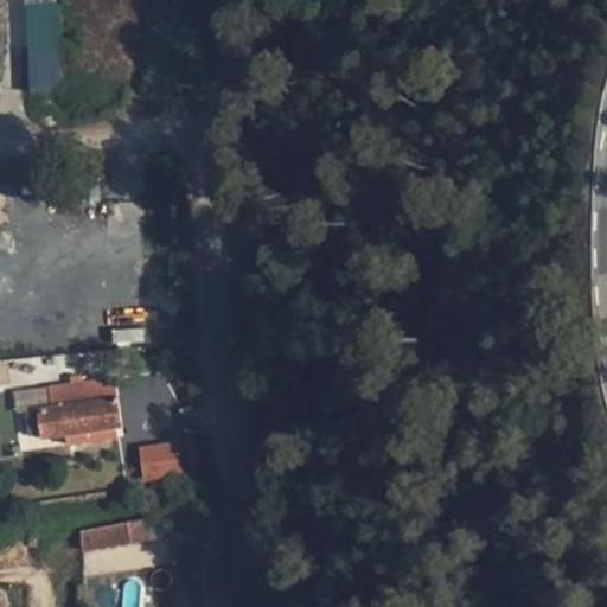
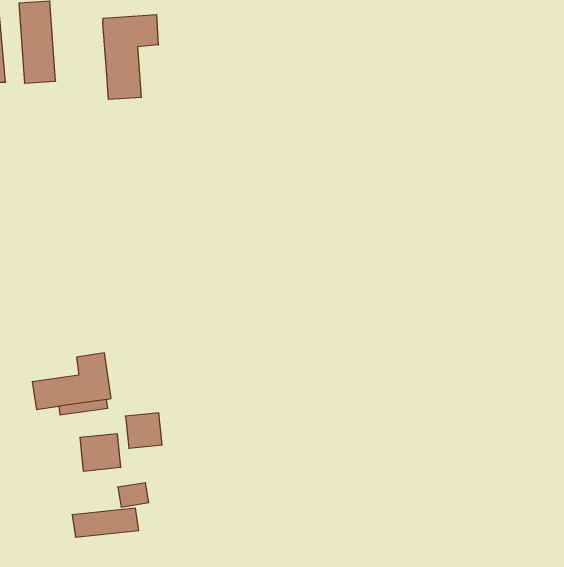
building: none -> [103,15,158,99]
building: none -> [80,434,121,471]

